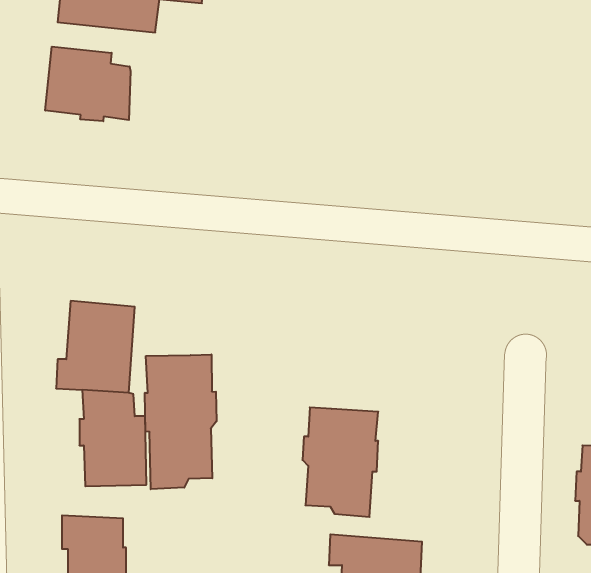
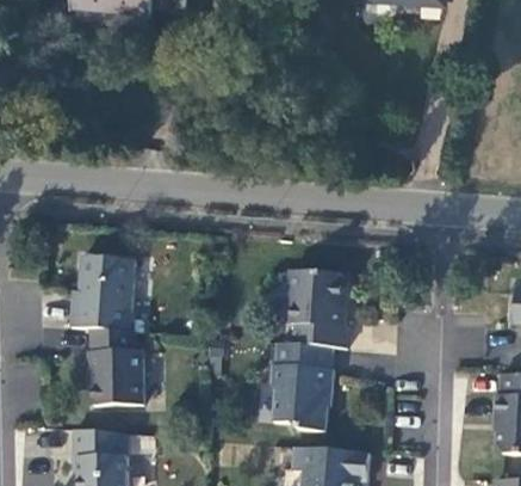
building: [45,47,131,121] -> none
building: none -> [286,270,347,346]
building: [145,354,217,489] -> none

